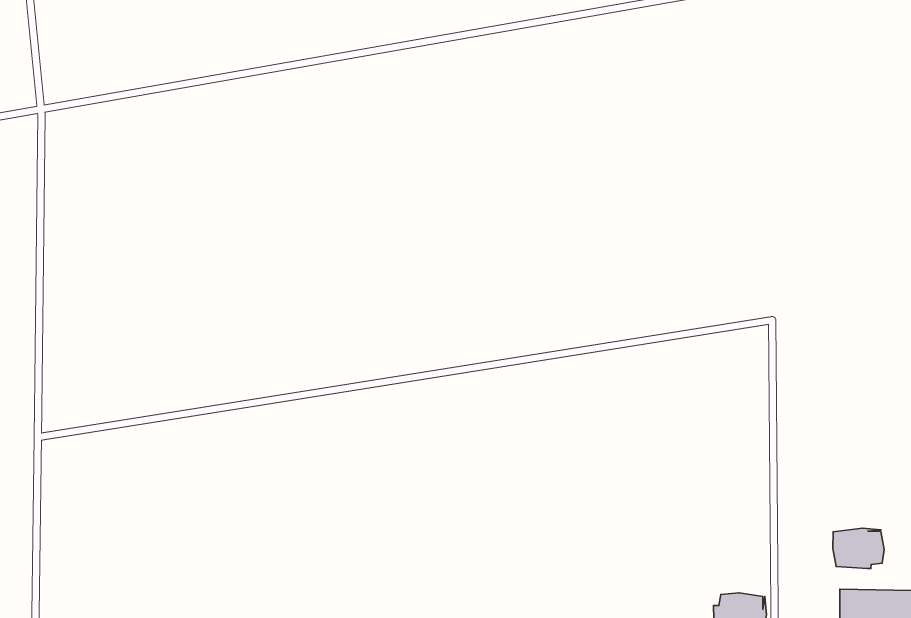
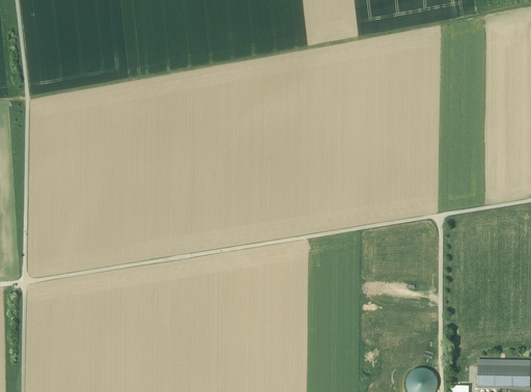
building: [833,528,884,569] -> none

